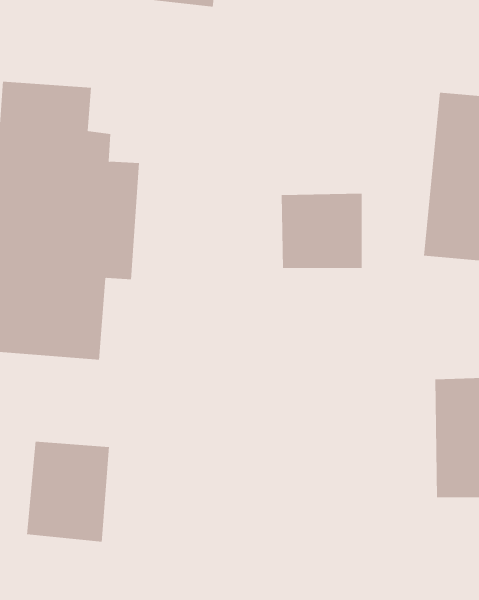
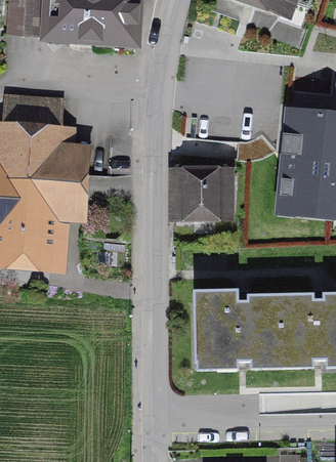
building: none -> [194,285,282,368]
building: [27,441,110,543] -> none

